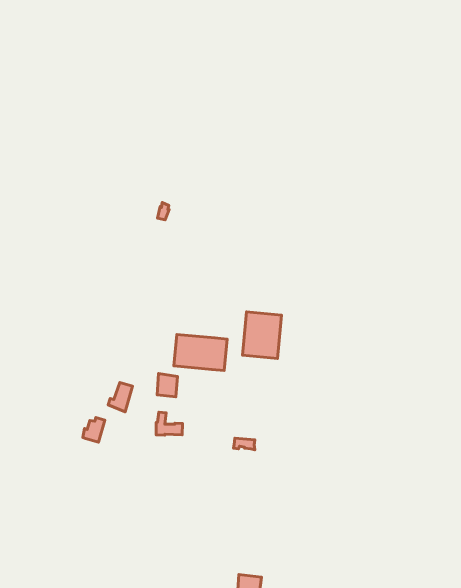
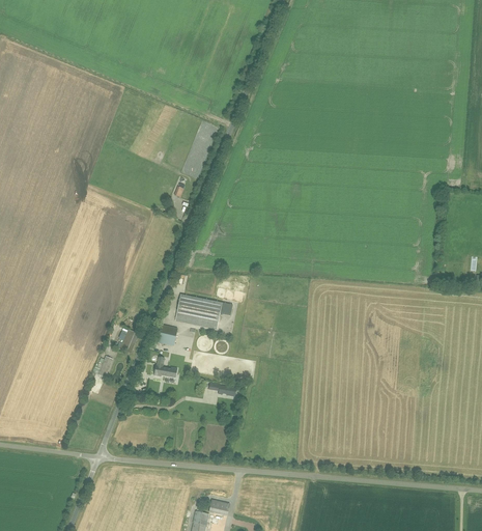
building: [242,312,281,359] -> none

